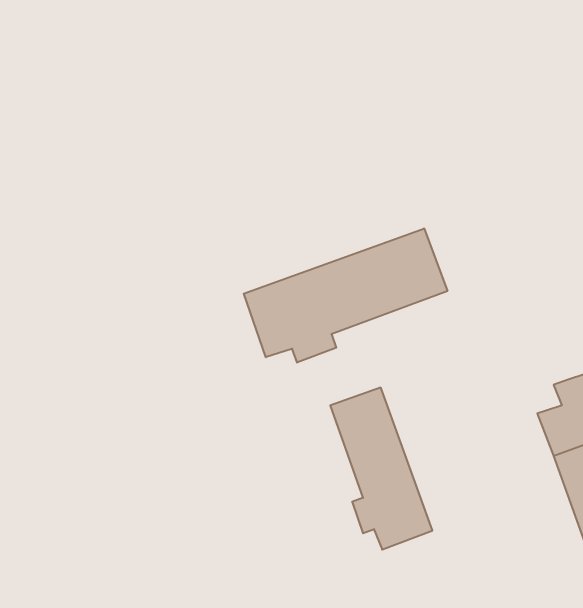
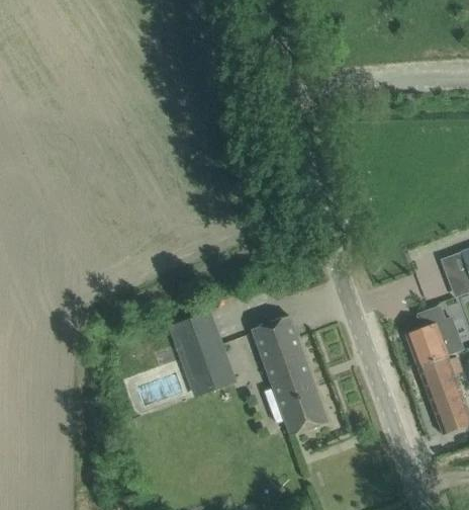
building: [244,228,447,363] -> none
building: none -> [172,314,229,382]

